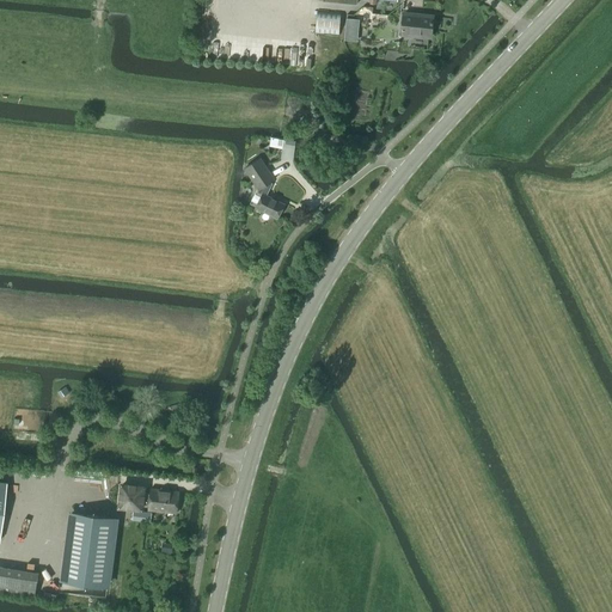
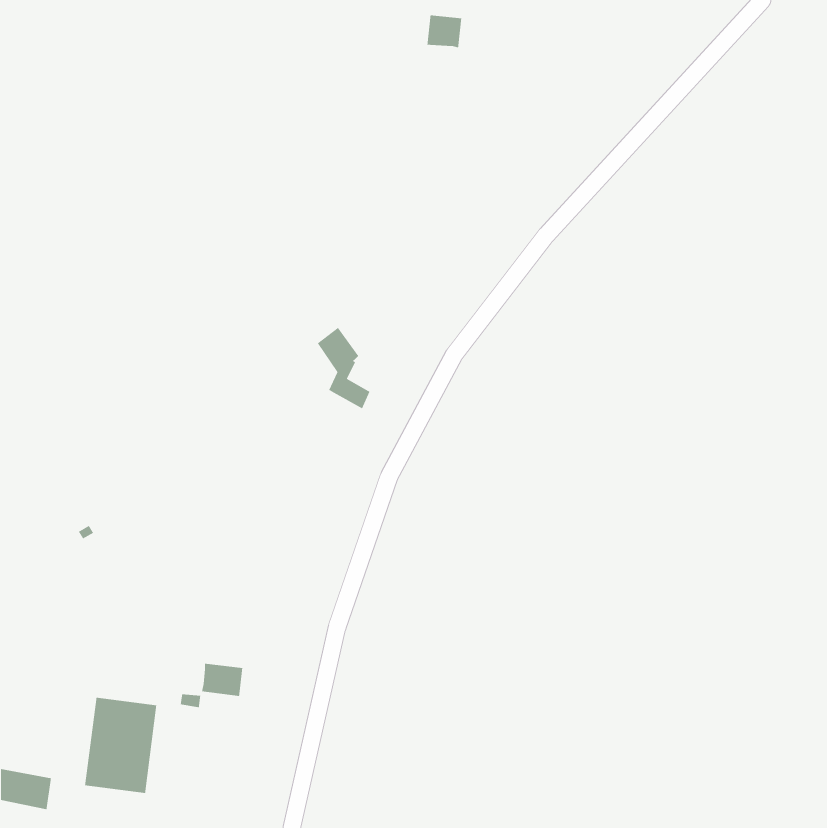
building: [403,12,435,39] -> none
building: [245,158,284,219] -> [317,327,370,409]
building: [121,485,152,509] -> none

